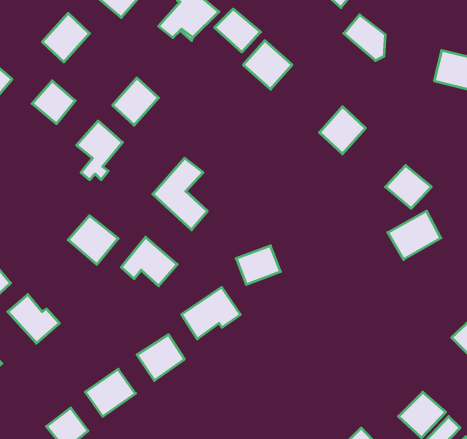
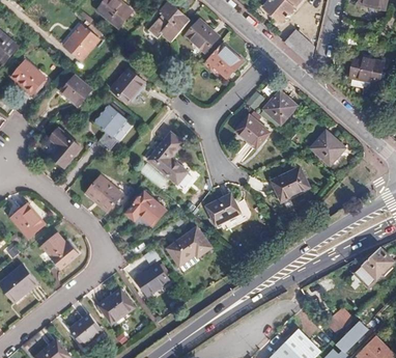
building: none -> [237,120,271,153]
building: none -> [49,128,81,167]
building: [388,211,441,260] -> [268,171,307,206]

